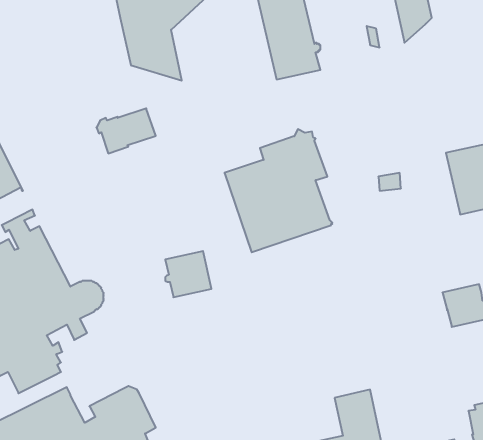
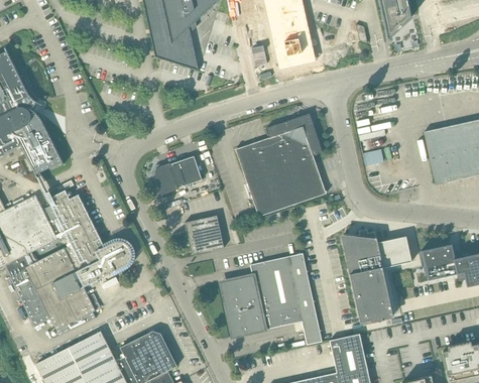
building: [96,108,156,153] -> [151,155,202,194]
building: none -> [342,234,411,322]
building: none -> [223,252,322,344]

